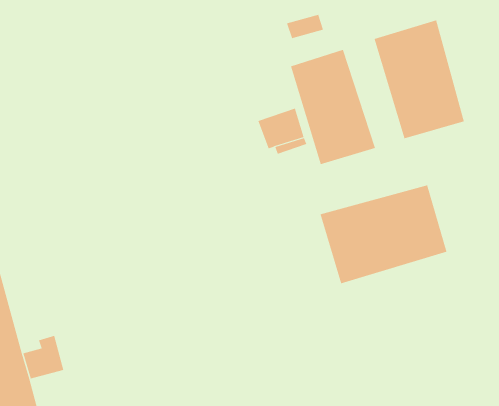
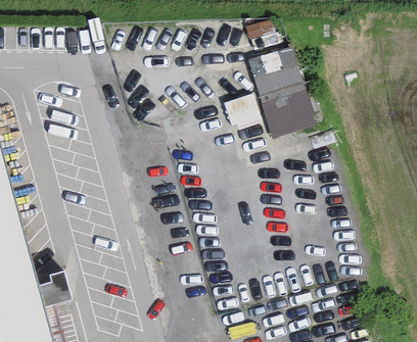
building: [374,19,465,139] -> none
building: [320,185,447,284] -> none

